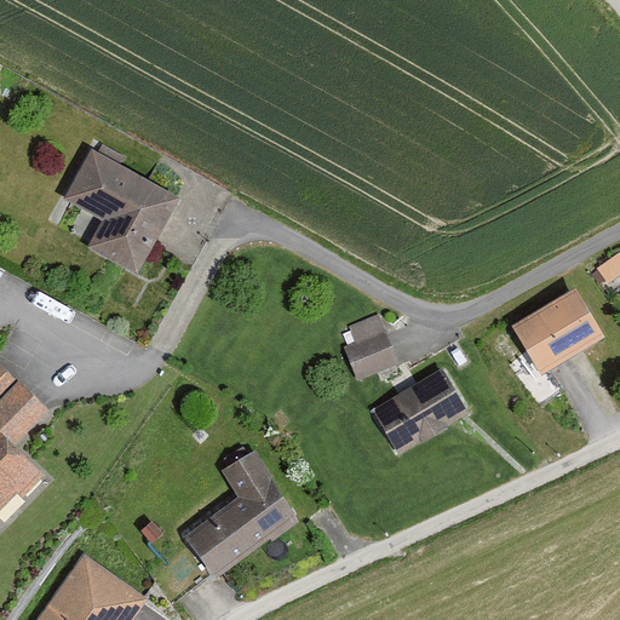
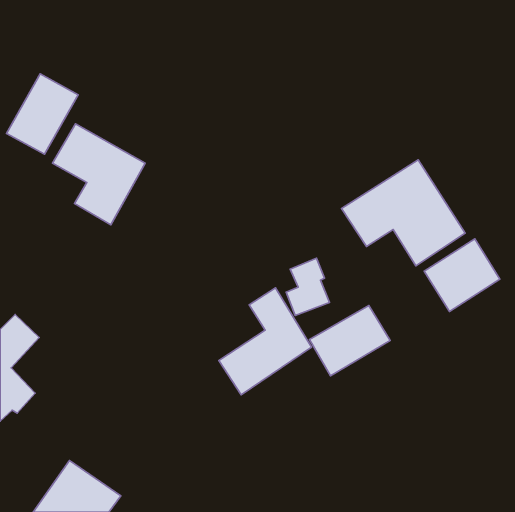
building: none -> [6,74,78,154]
building: none -> [341,160,465,266]
building: [183,449,294,578] -> [219,288,312,395]

